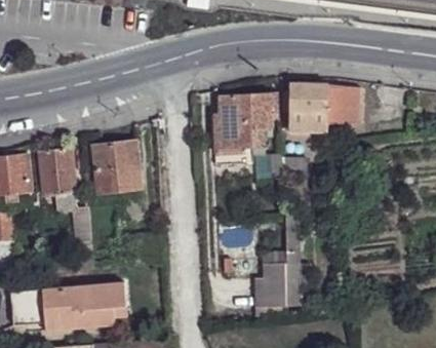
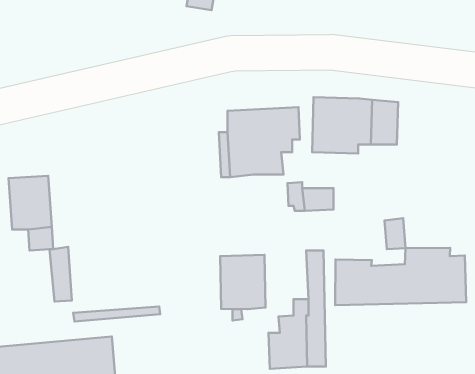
building: [92,142,138,193] -> none
building: none -> [335,248,466,305]
building: none -> [220,255,265,309]

